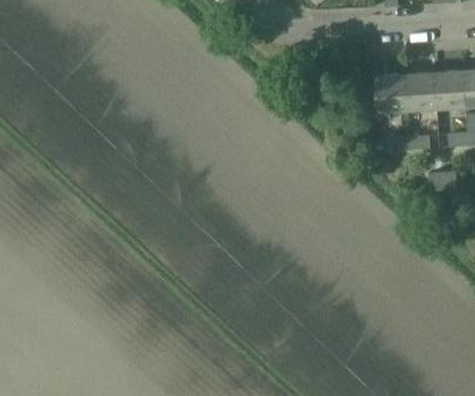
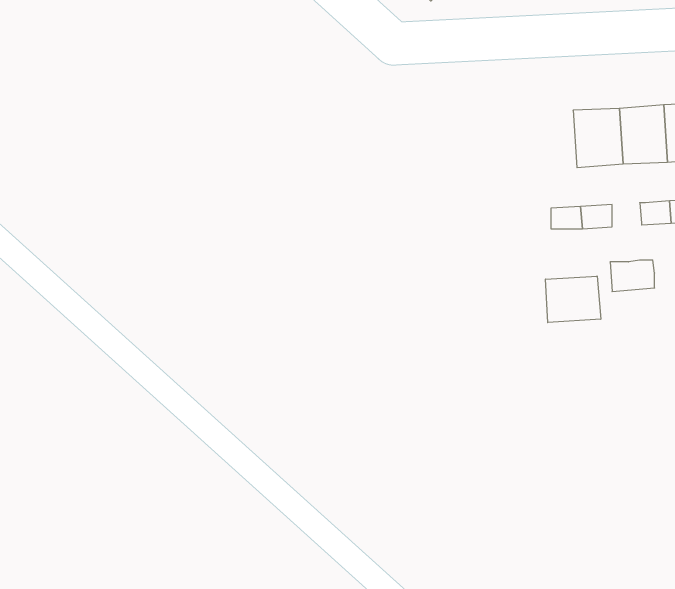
building: [376,74,408,112] -> none
building: none -> [546,276,601,323]

